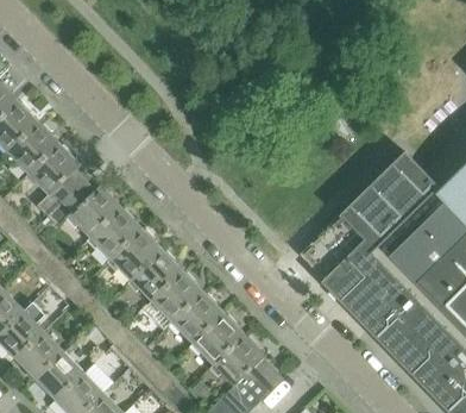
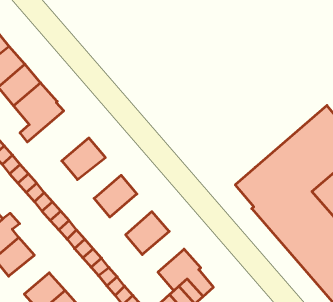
building: [48,176,121,237] -> none
building: [111,230,163,280] -> none
building: [152,271,202,321] -> none
building: [194,314,244,364] -> none
building: [34,352,83,400] -> none

